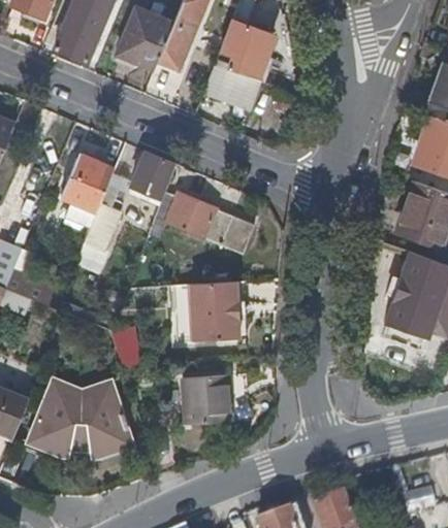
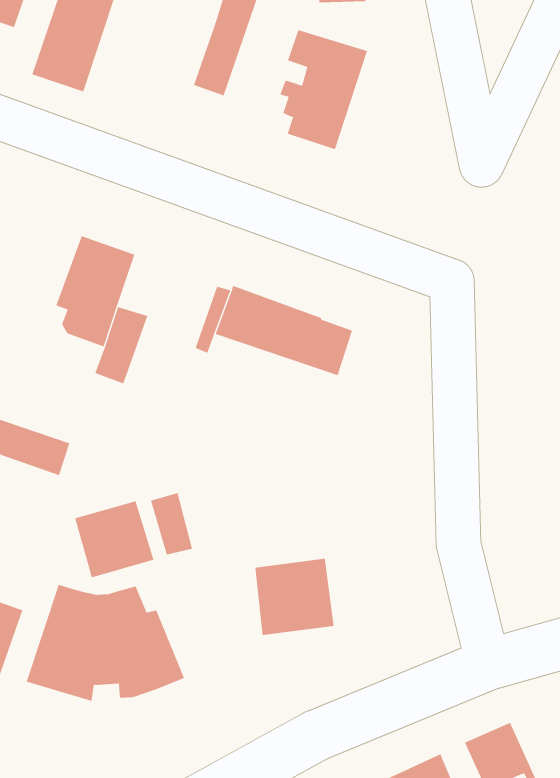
building: [118,10,174,72] -> none
building: [132,151,174,198] -> none
building: [187,280,238,337] -> none
building: none -> [74,500,154,578]

